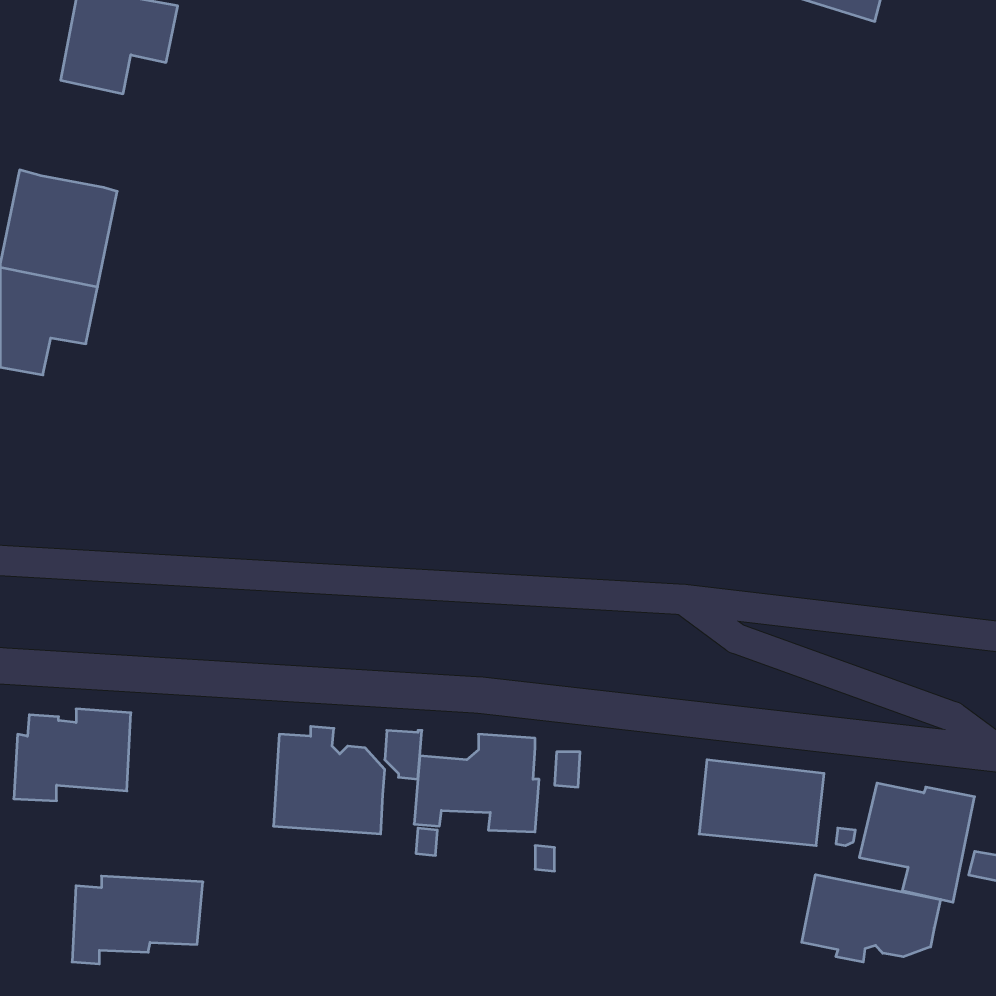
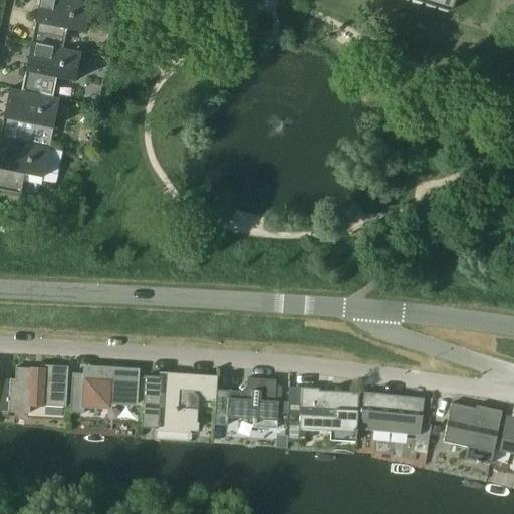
building: none -> [22,41,82,96]
building: none -> [300,387,359,441]
building: [802,875,941,962] -> none
building: [72,876,203,964] -> [70,367,138,413]

